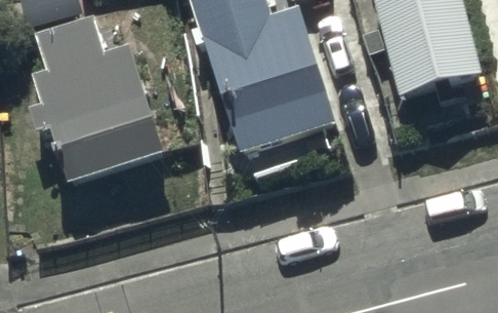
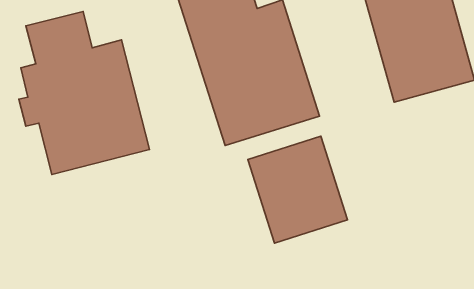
building: none -> [248,136,347,243]

